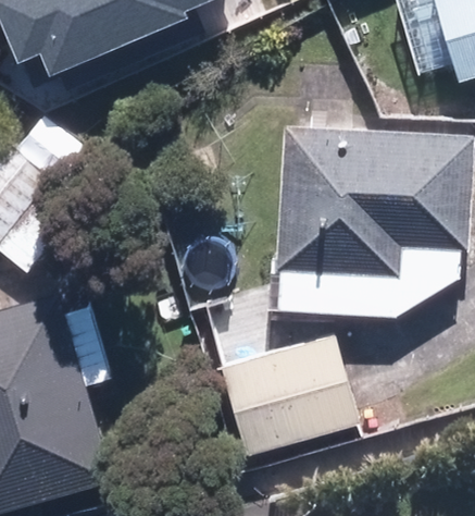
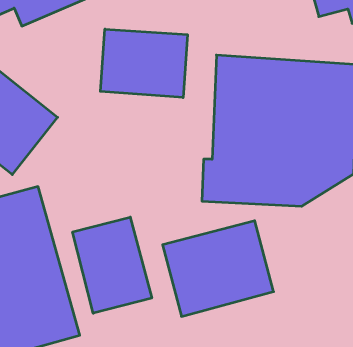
building: none -> [100,29,187,98]
building: none -> [73,217,152,313]

